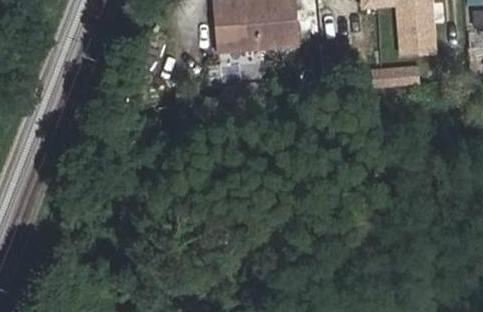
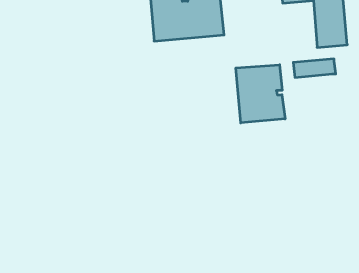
building: none -> [236,65,285,123]

